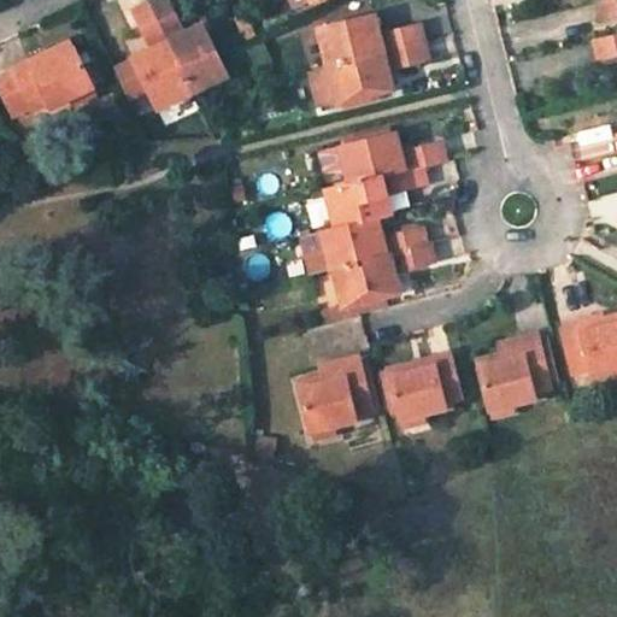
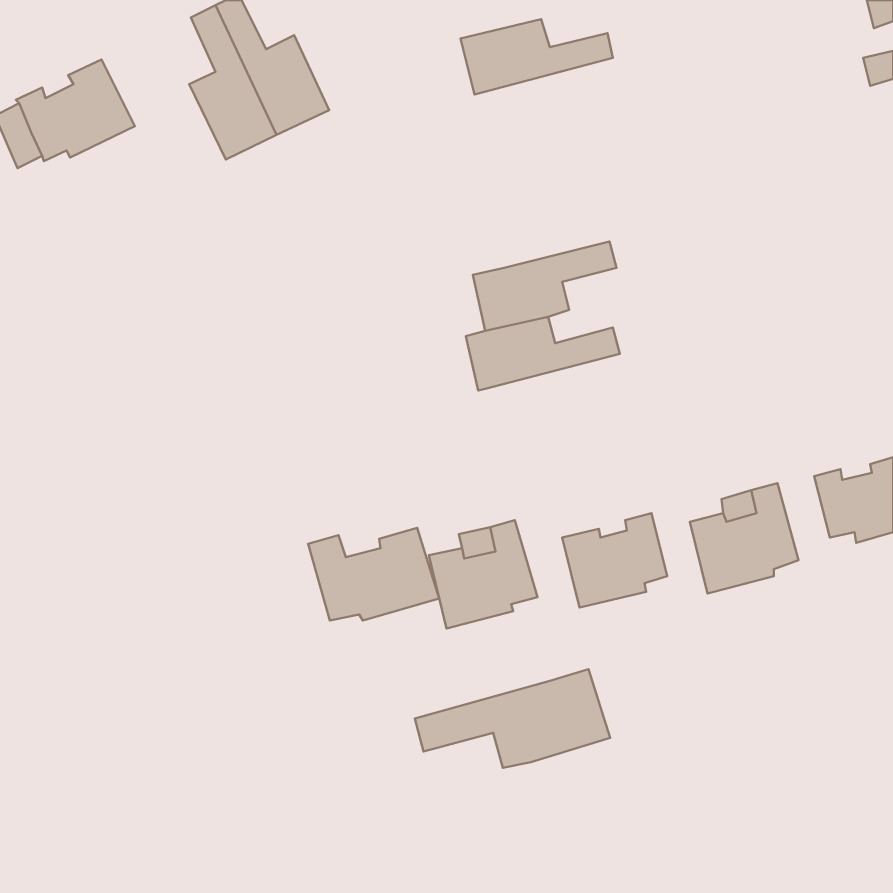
building: [312,41,427,107] -> none
building: [339,134,443,186] -> none
building: [334,243,434,308] -> none
building: none -> [308,528,439,621]
building: none -> [415,669,610,768]

